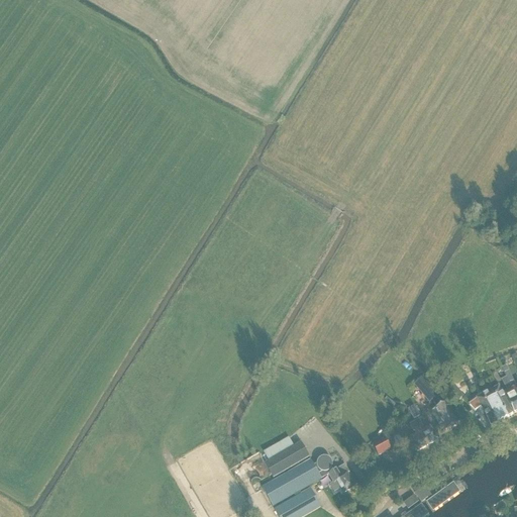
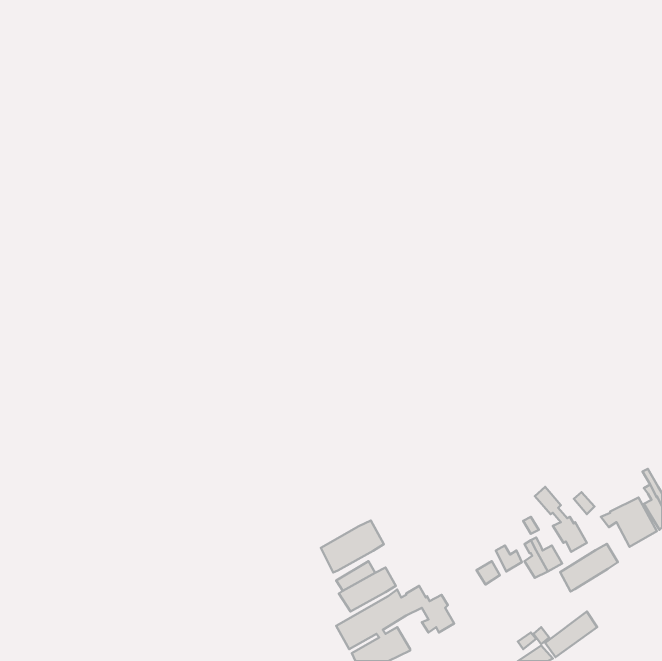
building: none -> [321,520,384,573]
building: none -> [560,544,618,591]

